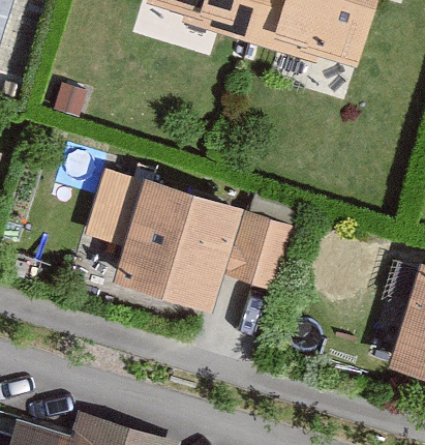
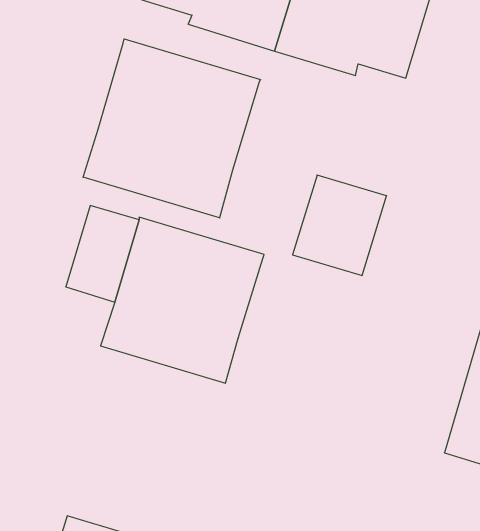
building: none -> [83,39,261,218]
building: [223,209,299,290] -> [293,175,387,276]

